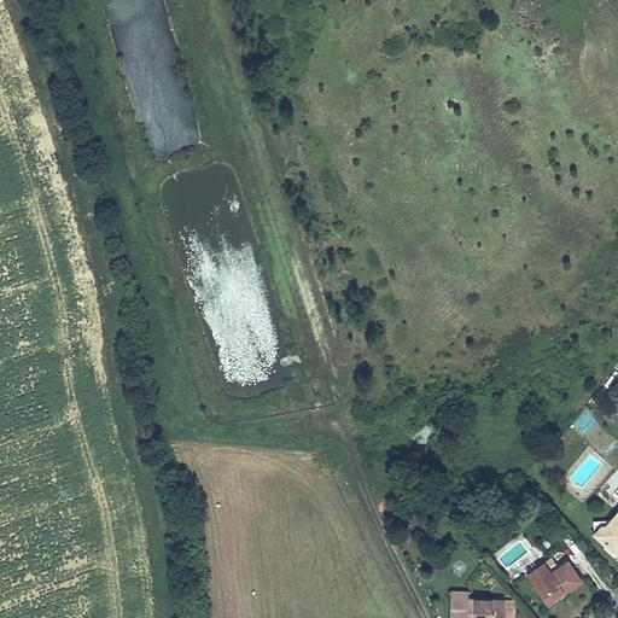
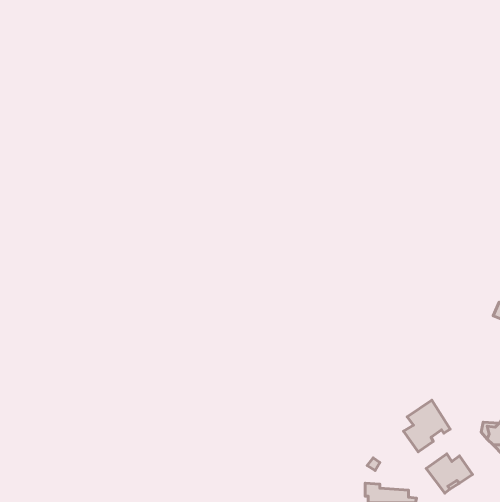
building: none -> [404,400,450,452]

